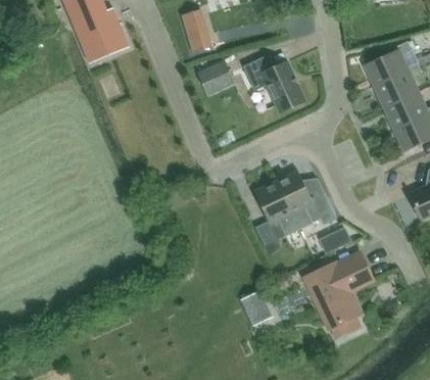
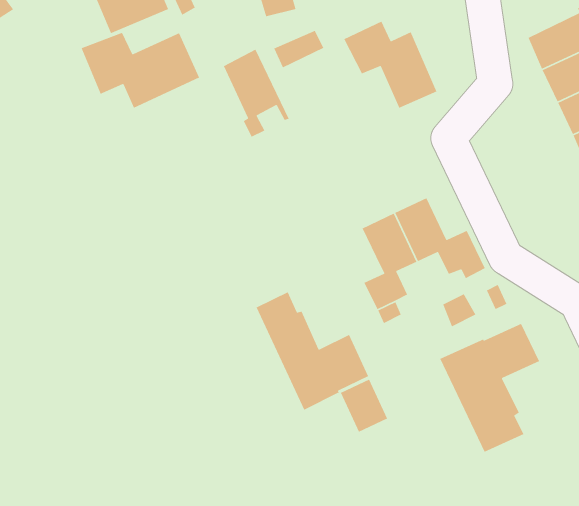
building: none -> [80,32,200,109]
building: none -> [223,49,290,138]
building: none -> [256,291,369,411]

